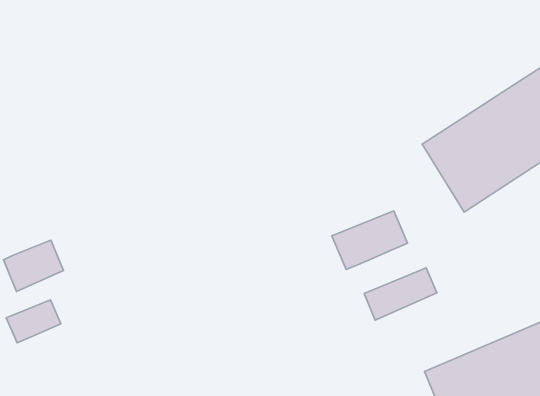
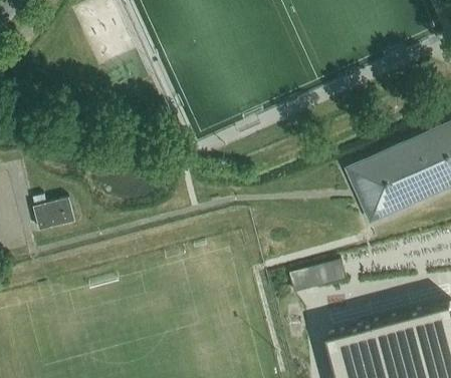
building: [332,211,407,269] -> none
building: [6,300,61,343] -> none

